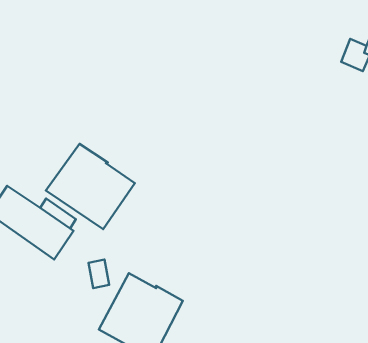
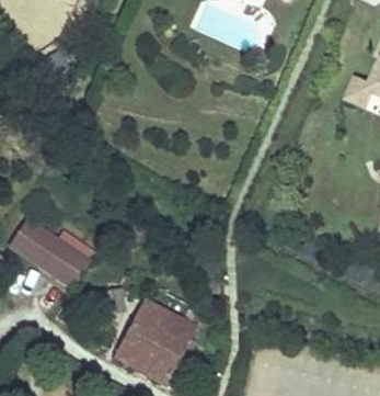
building: [46,144,135,229] -> none

